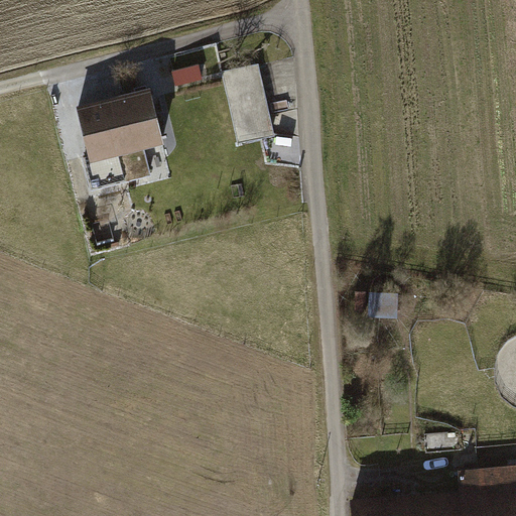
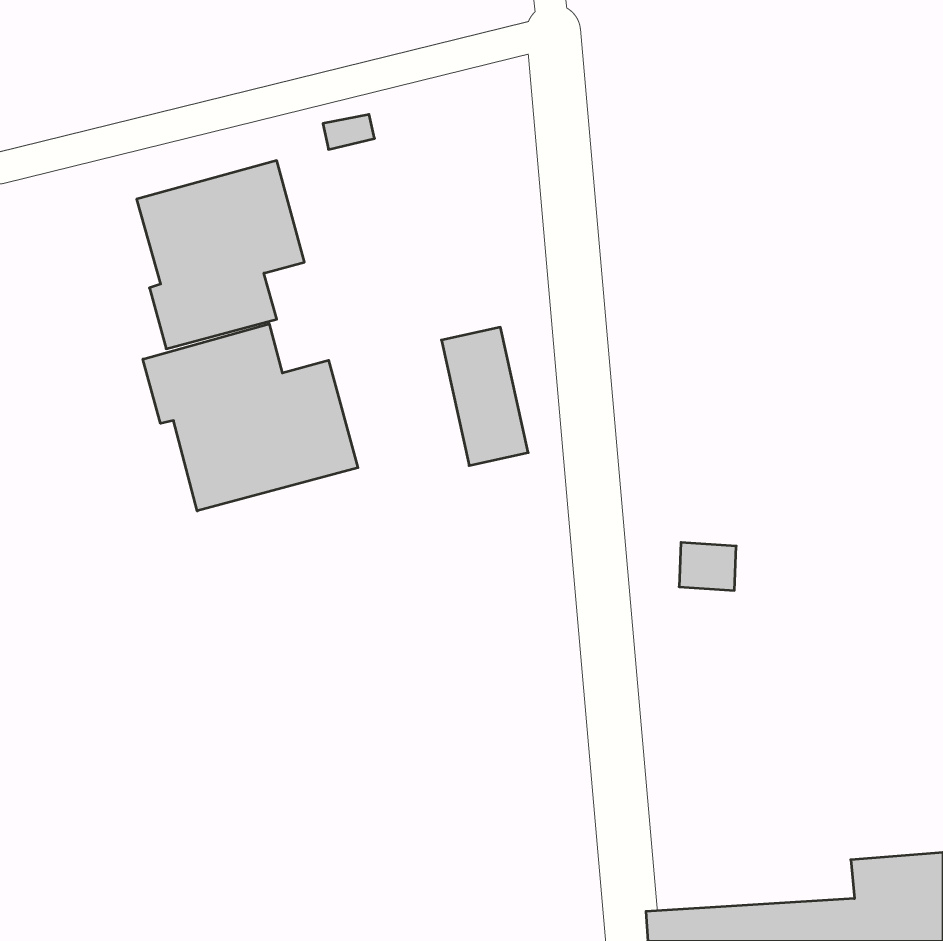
building: [225,64,272,140] -> [441,327,528,466]
building: none -> [143,324,358,511]

